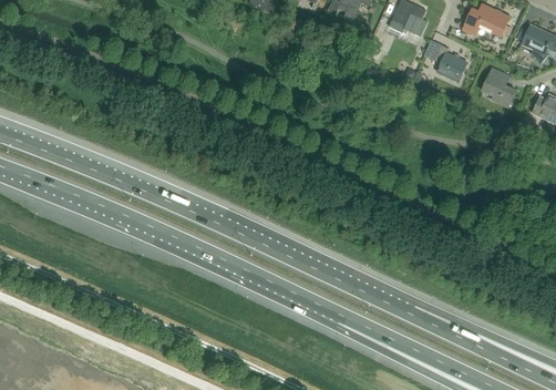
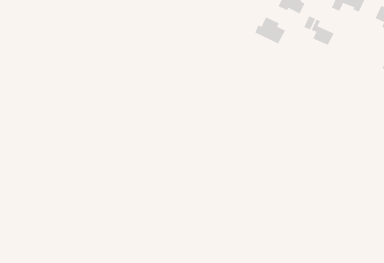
building: none -> [254,16,286,45]
building: [481,70,516,105] -> none

